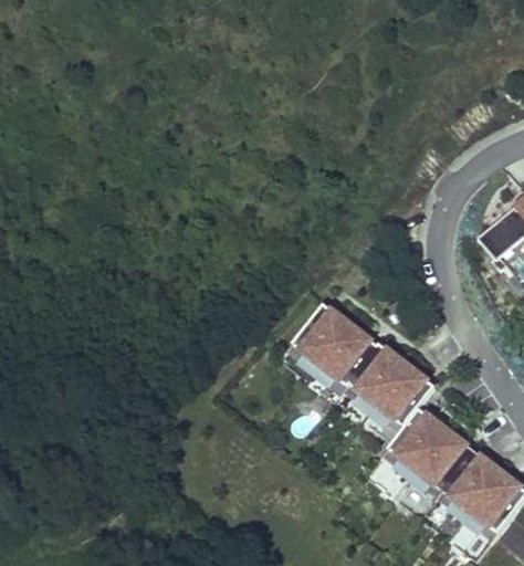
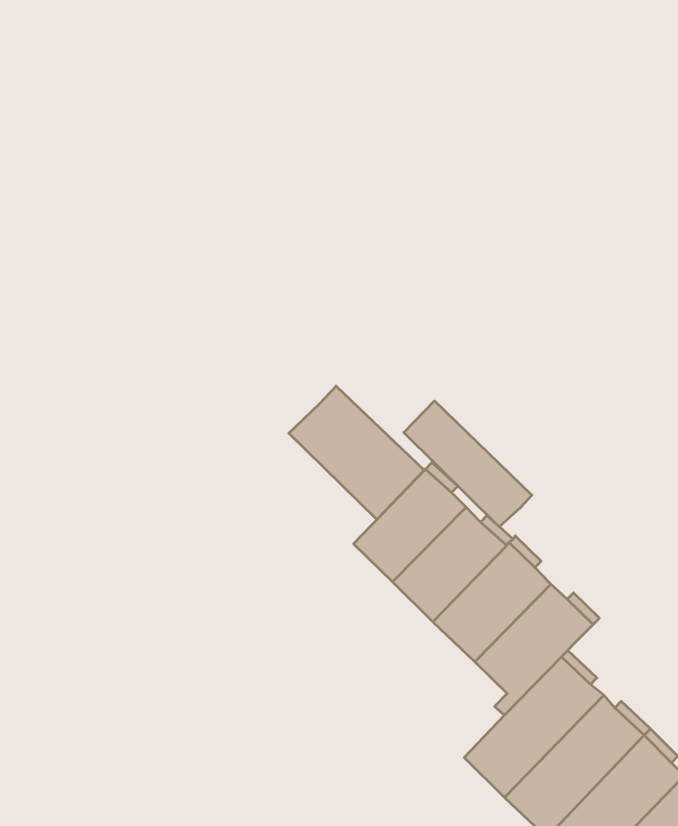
building: none -> [289,386,424,520]
building: none -> [404,401,532,527]

